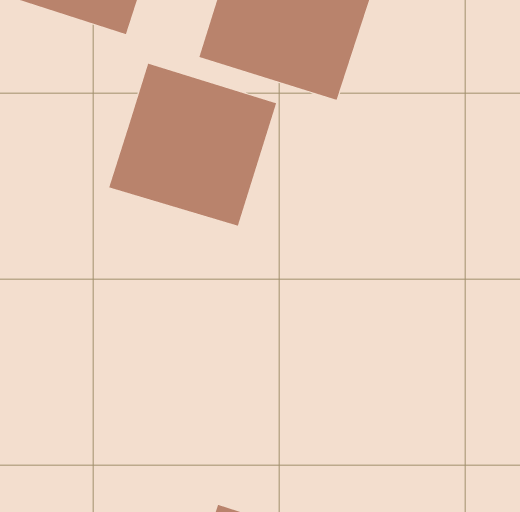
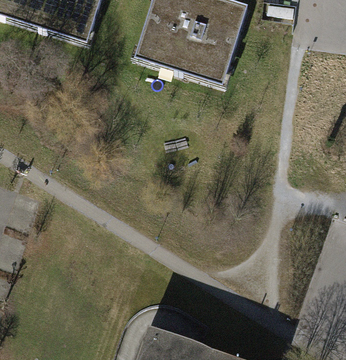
building: [108,63,277,227] -> none

